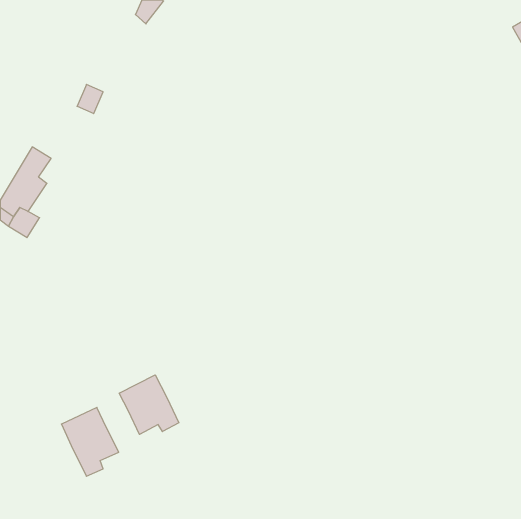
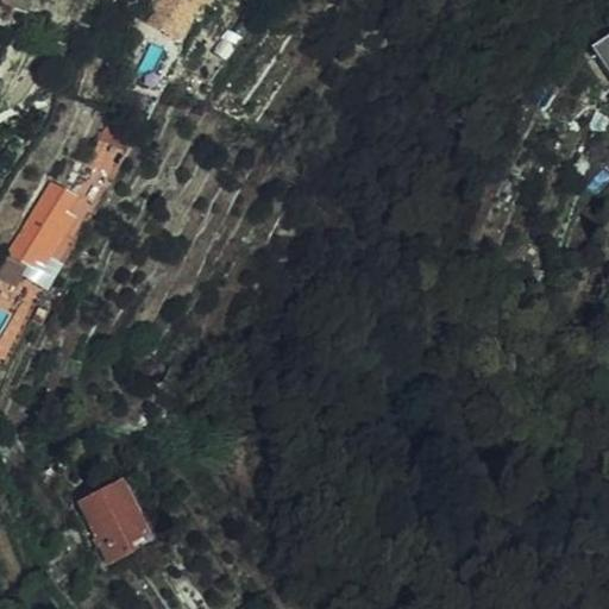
building: [119,375,179,434] -> none

